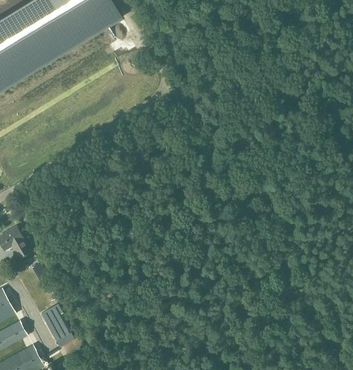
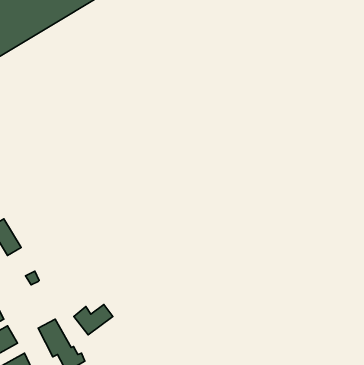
building: none -> [74,305,113,335]

